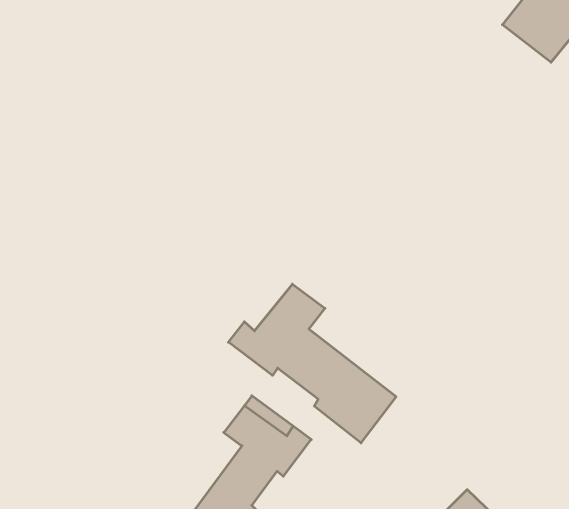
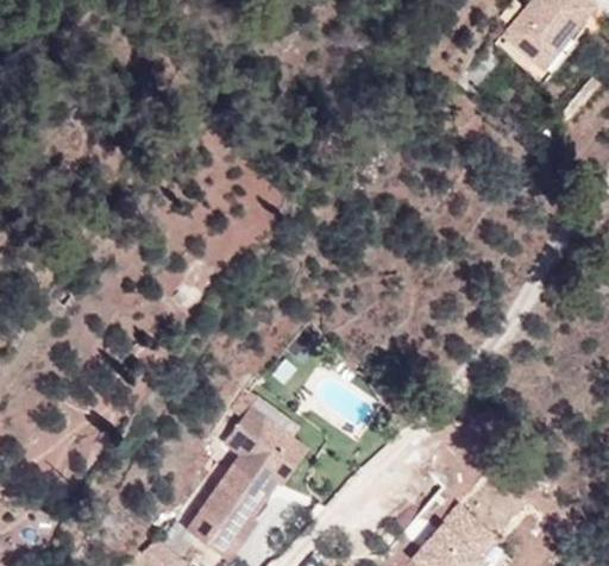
building: [228,284,396,443] -> none

